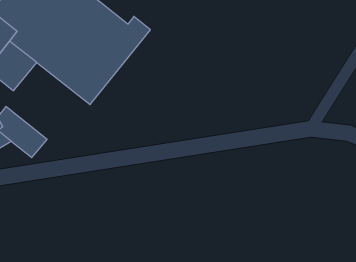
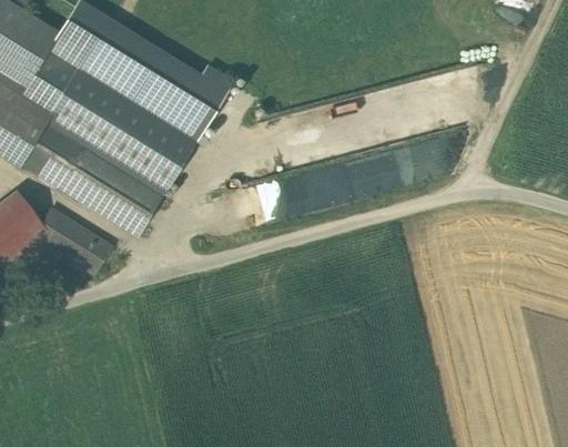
building: none -> [57,142,161,232]

